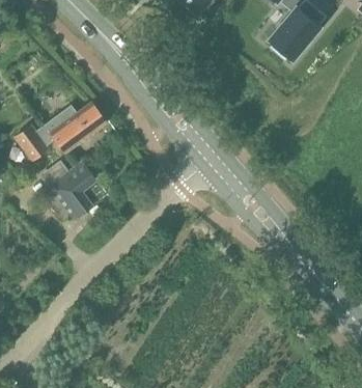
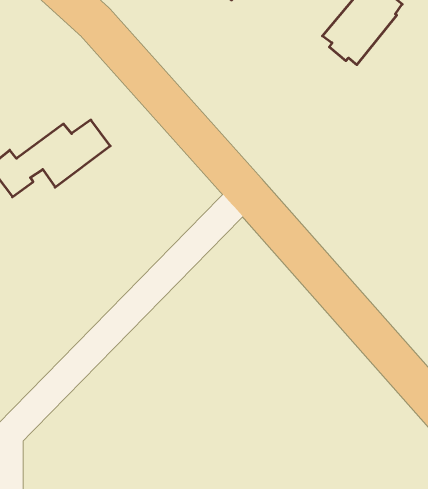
building: [41,161,106,219] -> none

